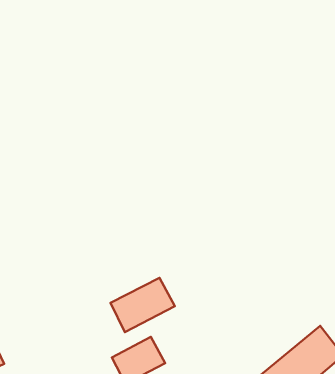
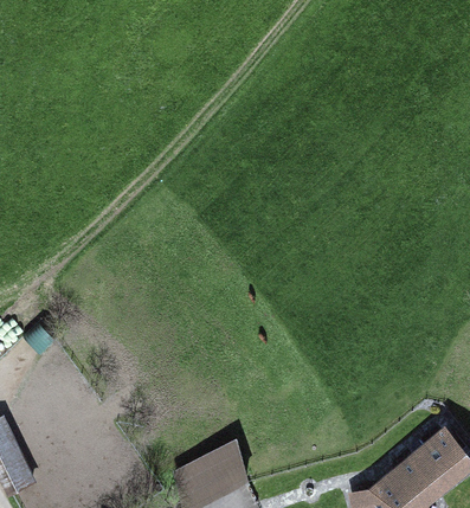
building: [111,278,175,332] -> none

